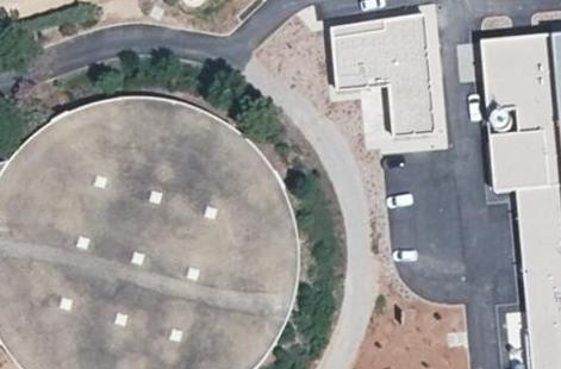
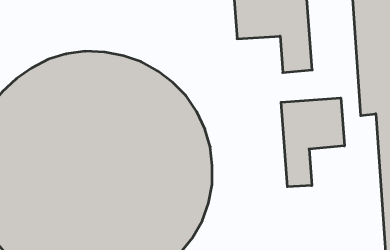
building: none -> [281,98,344,187]

